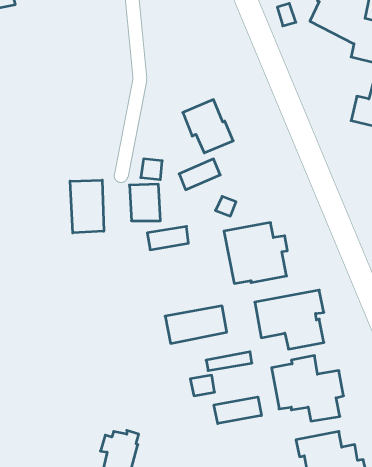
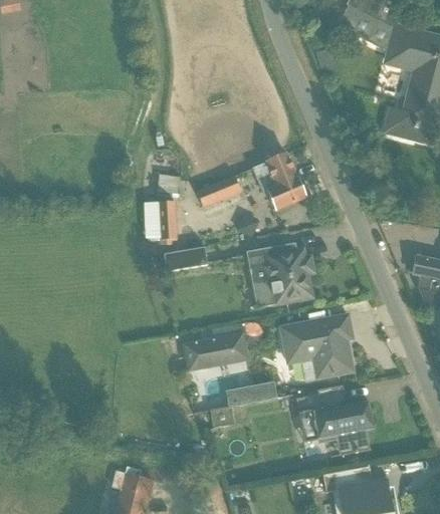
building: [183,100,233,153] -> [253,153,307,210]
building: [70,180,104,233] -> none
building: [214,397,261,424] -> none

